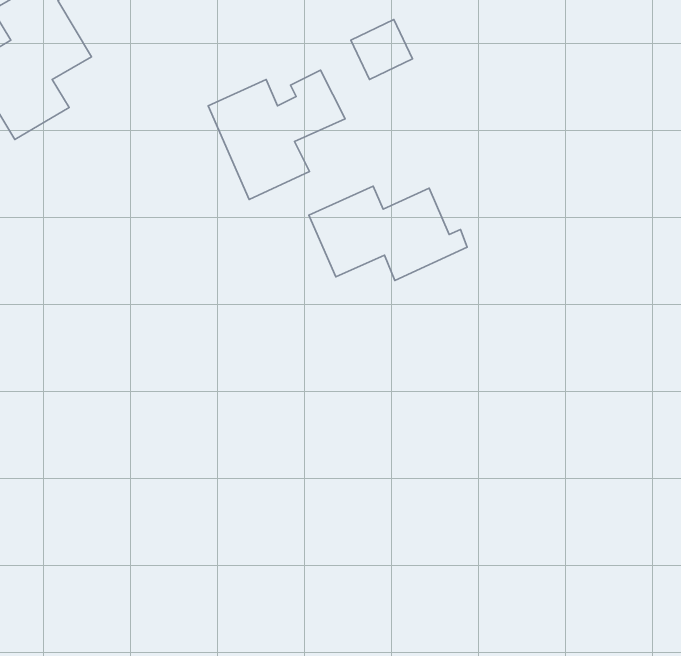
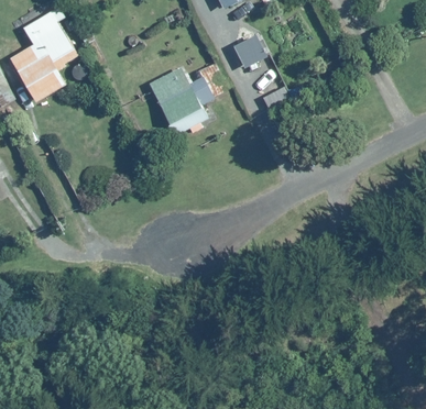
building: [309,186,467,280] -> none

